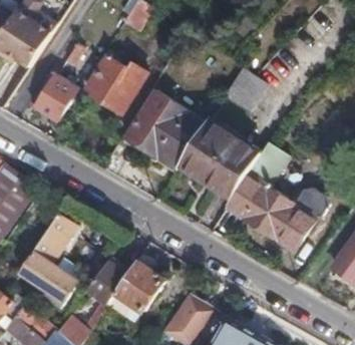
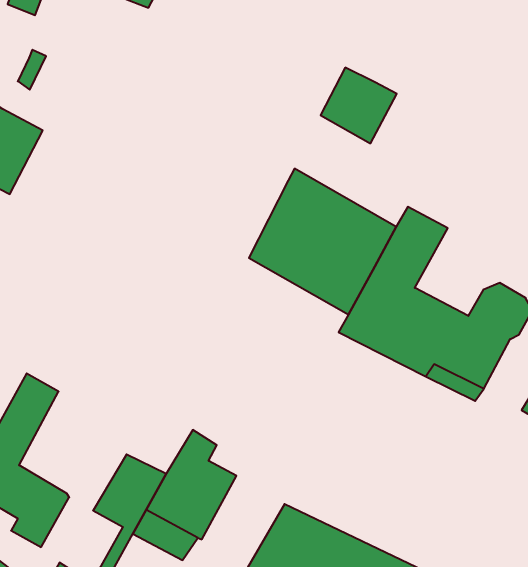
building: [83,55,145,112] -> none
building: [125,92,204,170] -> none

